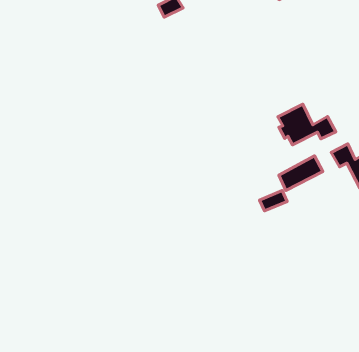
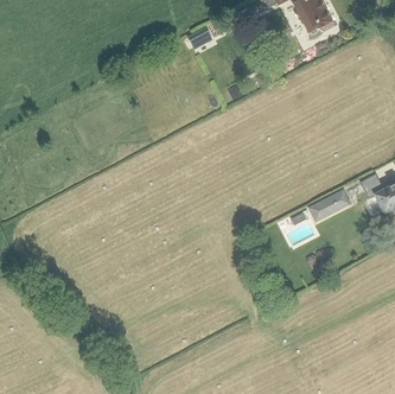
building: [278,104,336,145] -> none

